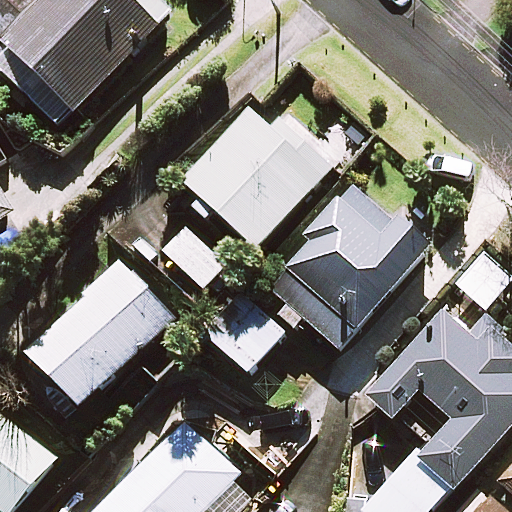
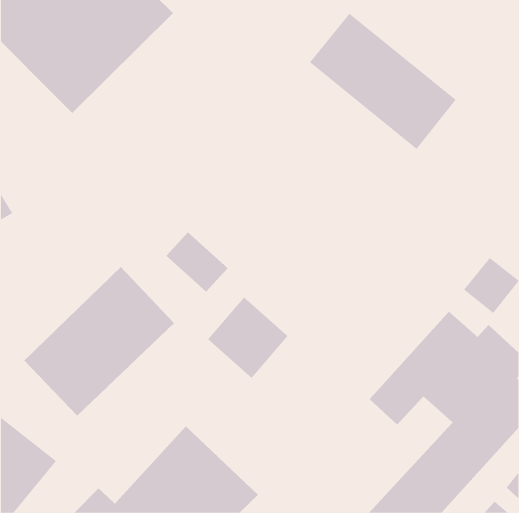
building: none -> [309,13,456,150]
building: [181,105,330,249] -> none
building: [268,182,433,352] -> none

